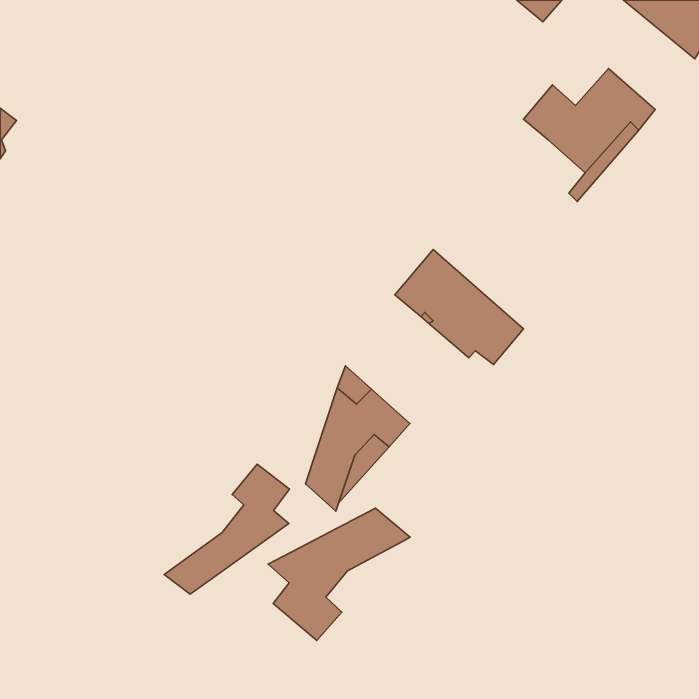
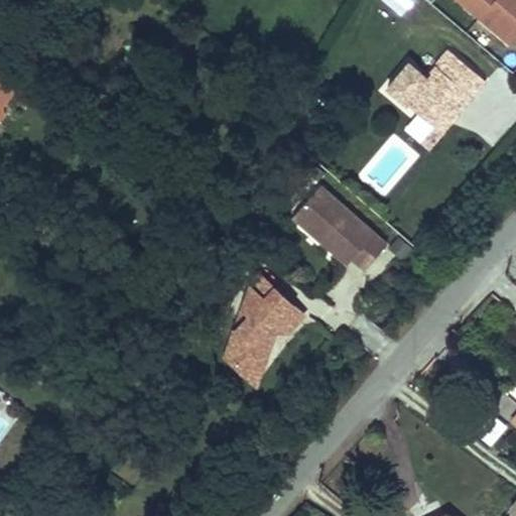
building: [164,464,290,594] -> none
building: [268,508,410,641] -> none

